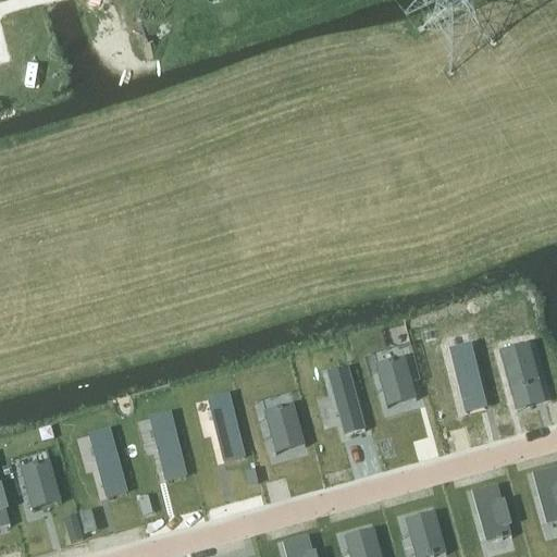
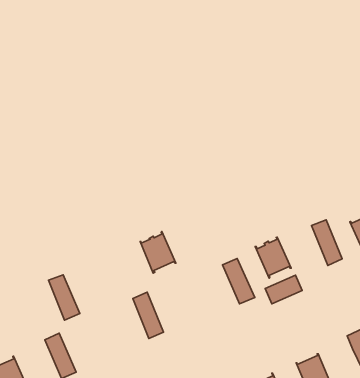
building: [263,400,305,451] -> [140,231,176,273]
building: none -> [265,275,302,304]
building: [151,420,185,478] -> [48,275,80,320]

